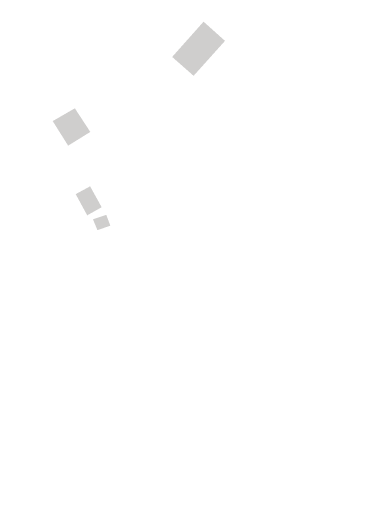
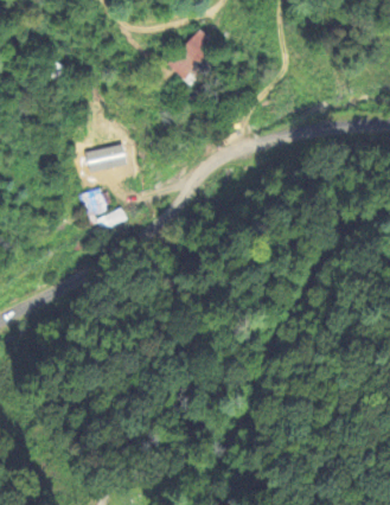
building: [52,107,91,147] -> [89,145,127,183]

